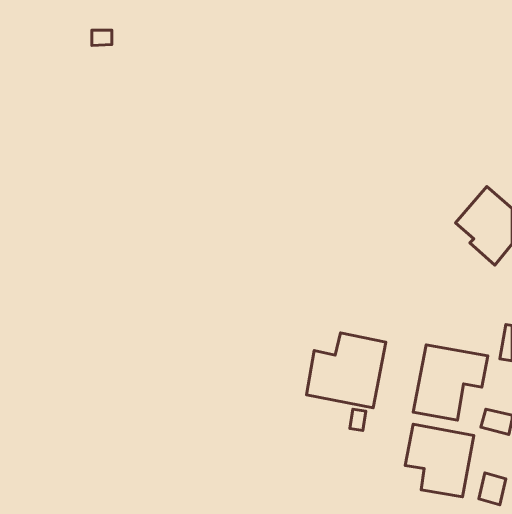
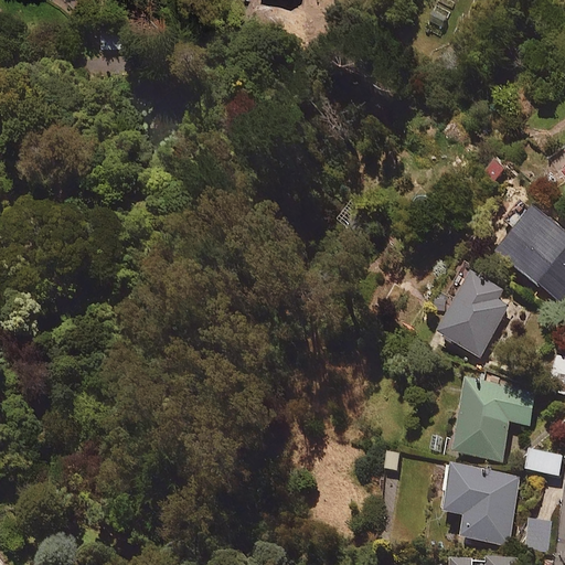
building: none -> [438,270,514,351]
building: [306,333,386,408] -> none

